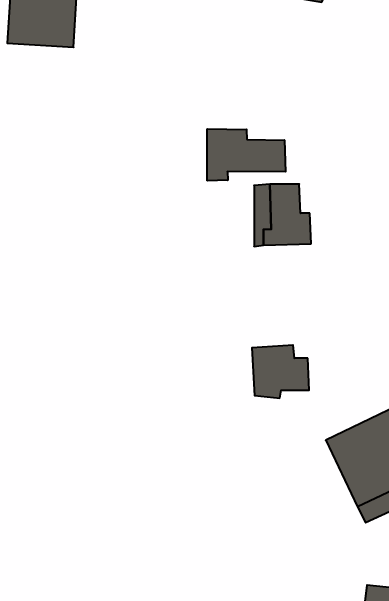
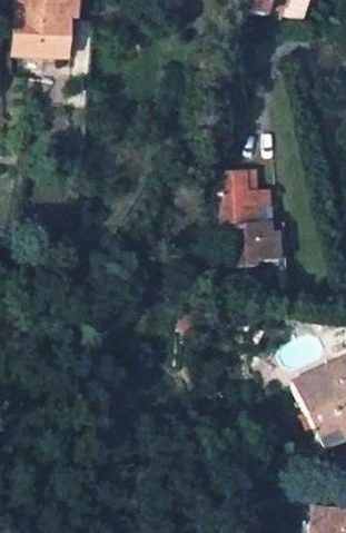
building: [207,129,286,181] -> none
building: [252,345,309,398] -> [235,220,283,265]

